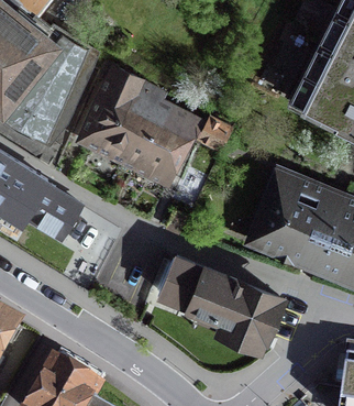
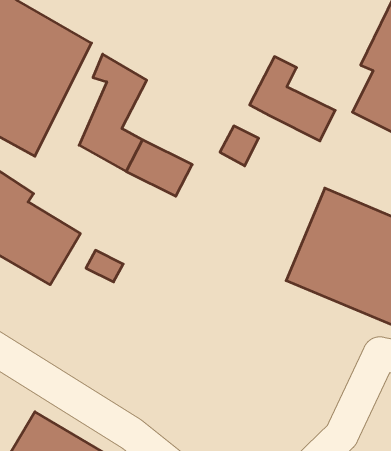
building: [118,81,186,149] -> [250,57,335,141]
building: [155,242,287,340] -> none

